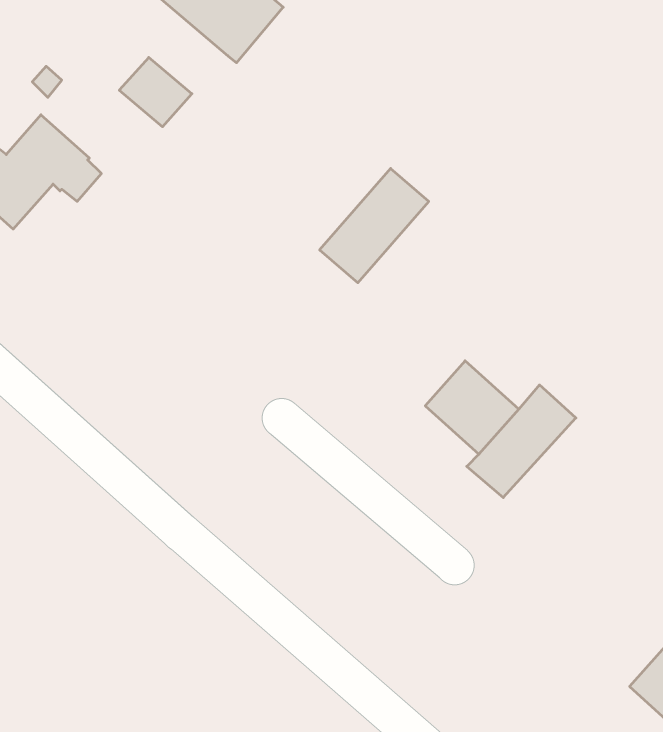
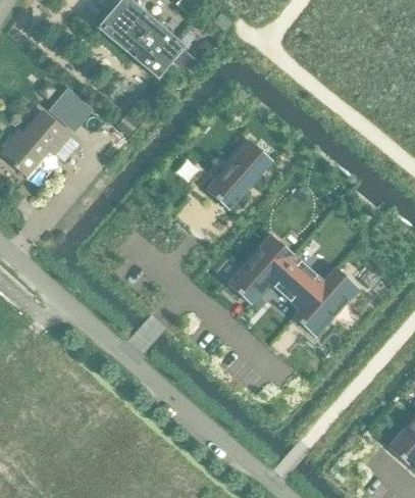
building: [119,57,192,127] -> [49,89,92,130]
building: none -> [229,236,293,302]

